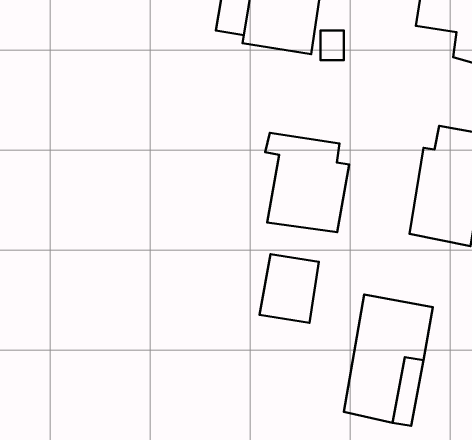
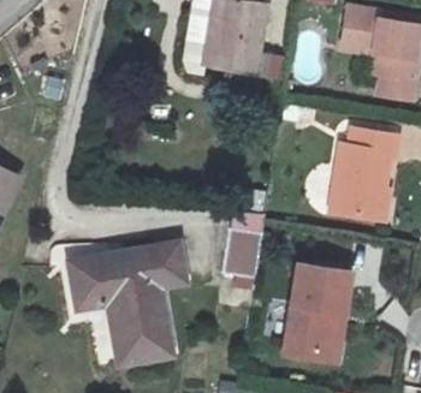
building: [265,133,349,232] -> none
building: none -> [69,238,184,361]

